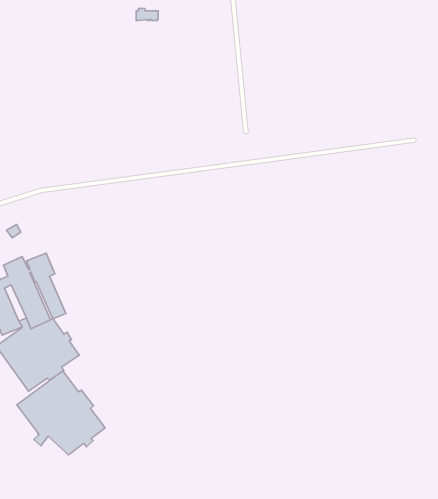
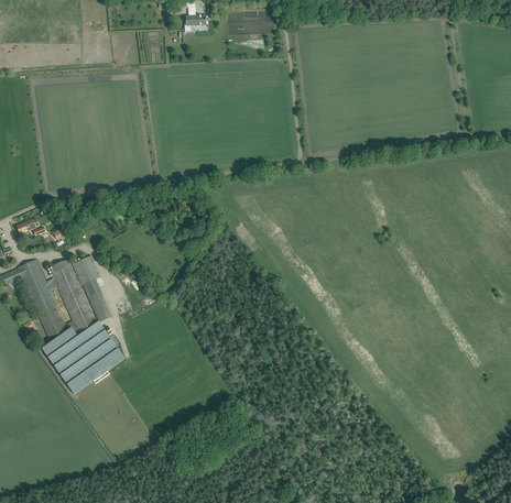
building: [17,371,105,455] -> none

